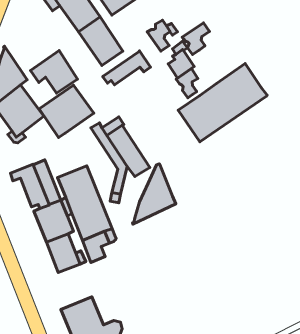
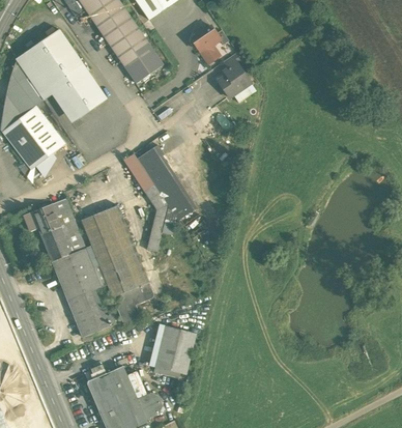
building: [182,23,209,54] -> none
building: [103,51,150,85] -> none
building: [178,64,267,142] -> none
building: [176,69,198,98] -> none
building: [39,85,94,137] -> [16,30,83,94]
building: [133,164,176,224] -> none
building: none -> [154,326,196,375]

